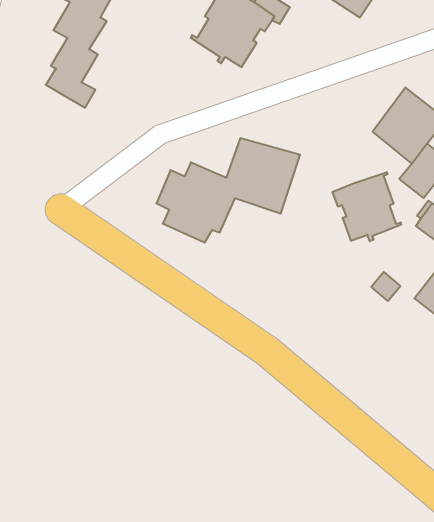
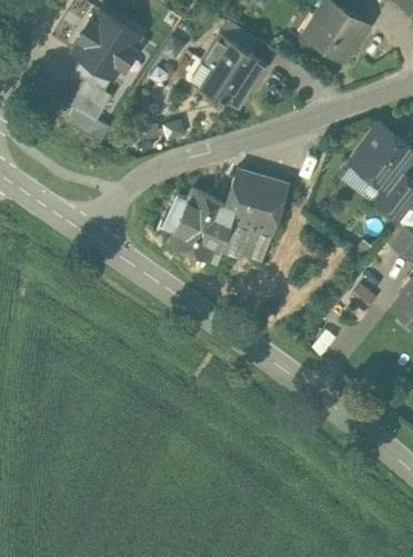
building: [332,172,401,241] -> none
building: none -> [219,220,272,260]

